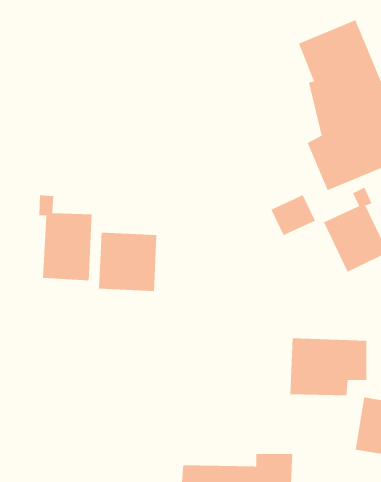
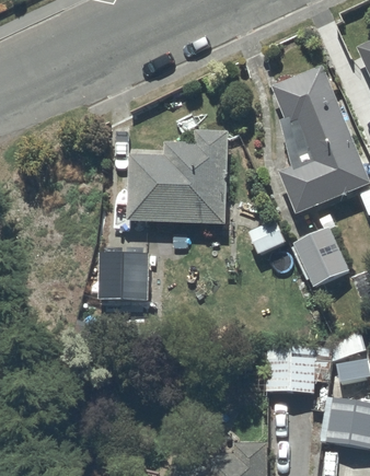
building: none -> [126,129,230,225]
building: [39,195,92,281] -> none

